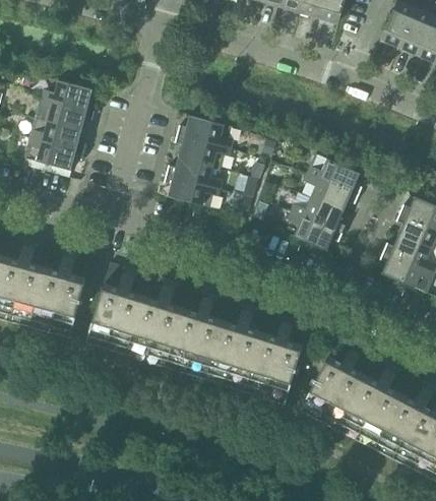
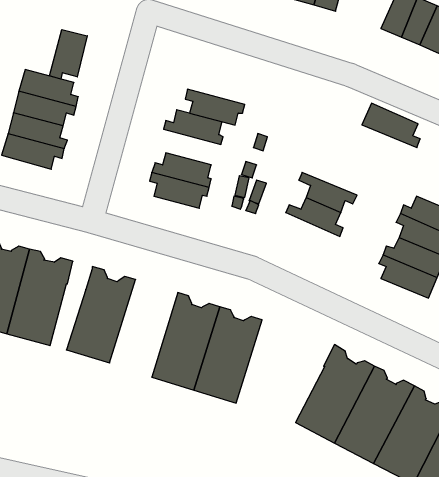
building: none -> [50,30,87,79]
building: [174,133,230,167] -> [185,89,245,125]
building: [306,153,361,195] -> [362,103,420,148]
building: [287,211,341,250] -> none
building: [125,274,189,366] -> none
building: [244,312,309,402] -> none

